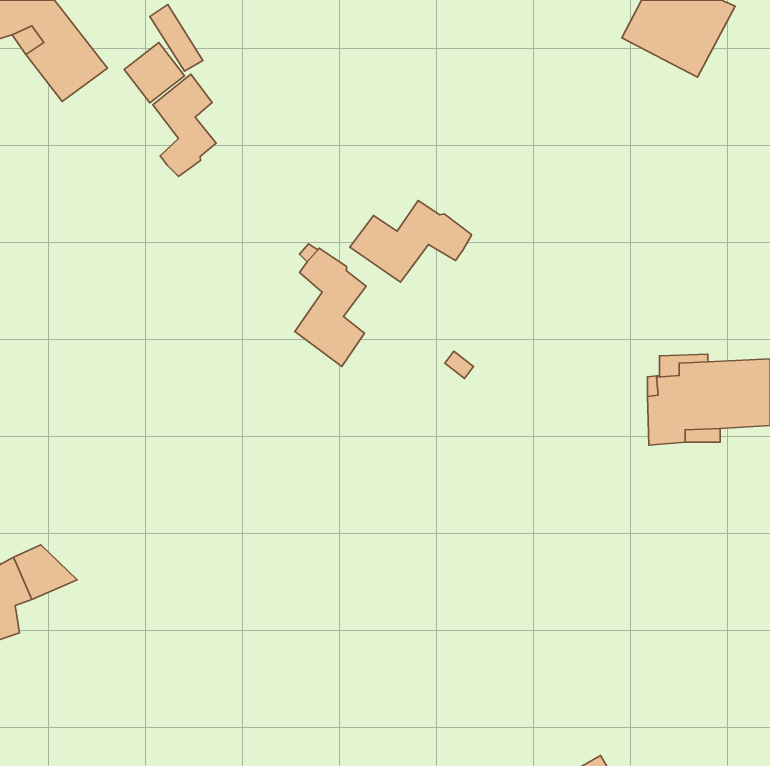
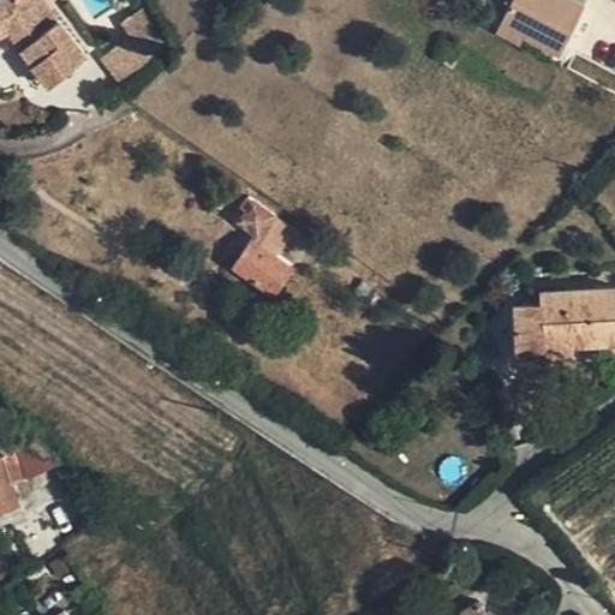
building: [153,74,216,177] -> none
building: [350,200,472,282] -> none

